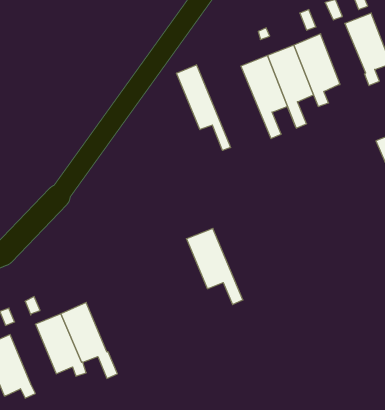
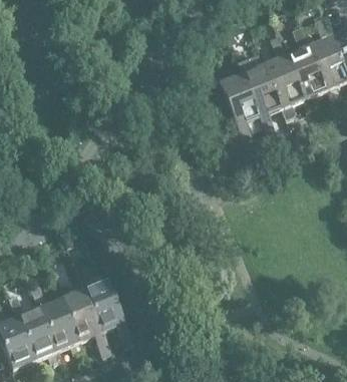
building: none -> [287,42,326,105]
building: [177,65,231,150] -> none
building: [186,228,243,305] -> [83,276,132,342]
building: none -> [17,304,61,358]

